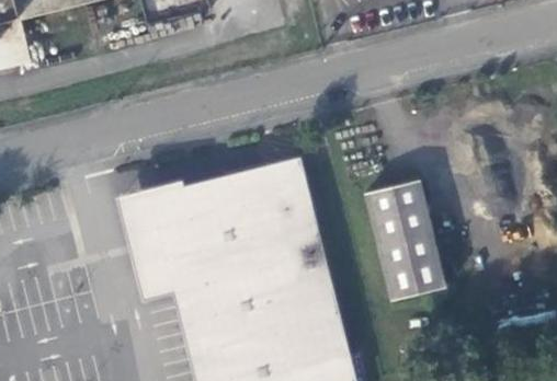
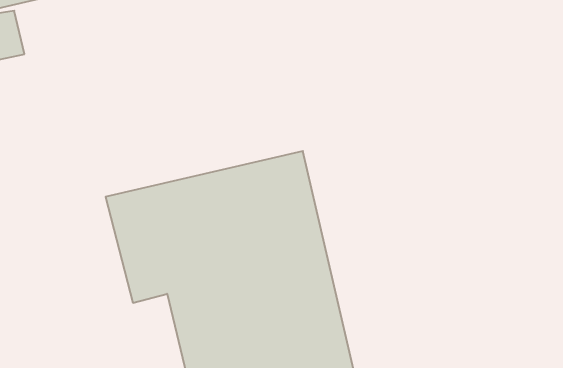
building: [368,182,447,300] -> none

